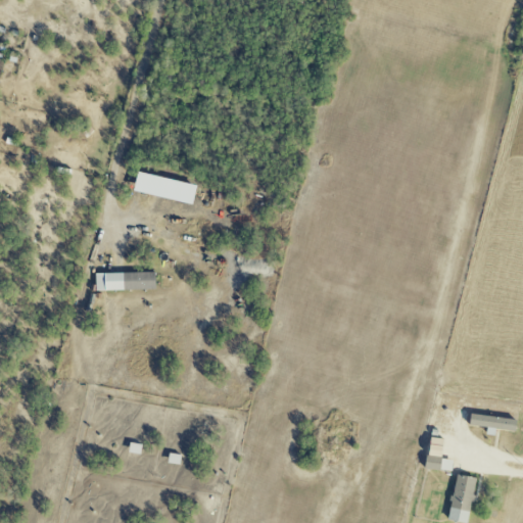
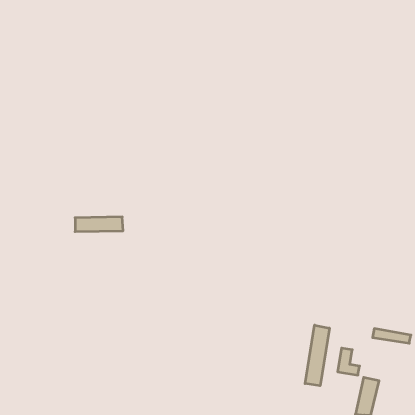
building: [133,171,197,204] -> none
building: none -> [305,325,329,386]

